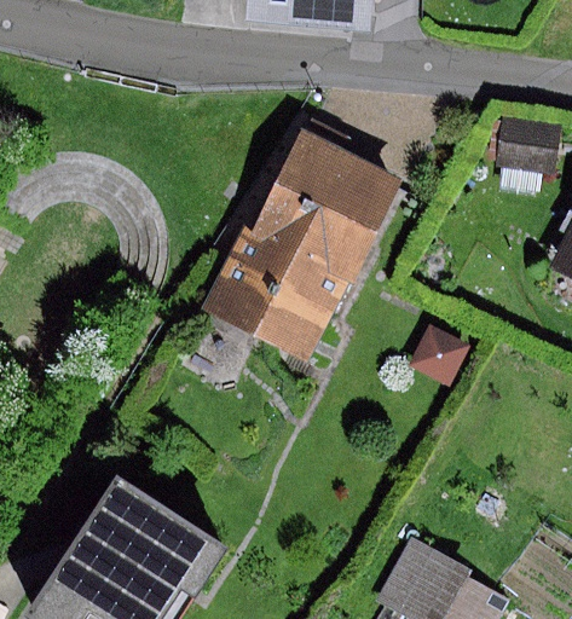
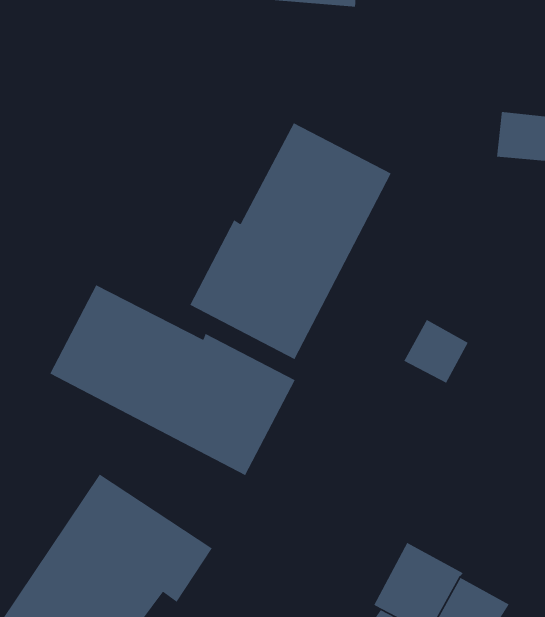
building: none -> [49,284,296,476]

